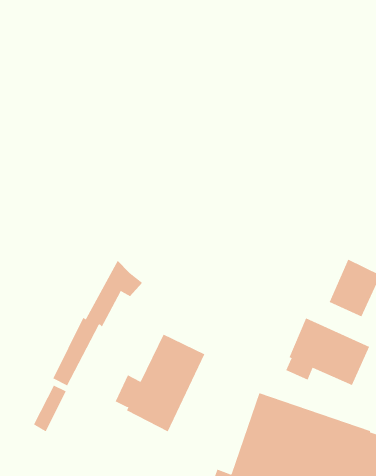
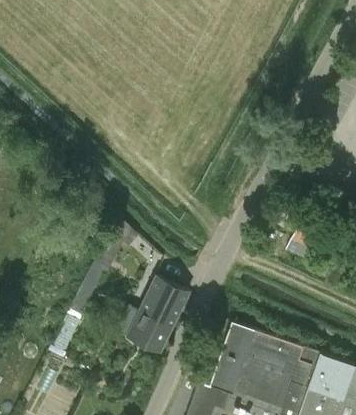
building: [286,317,370,386] -> none

